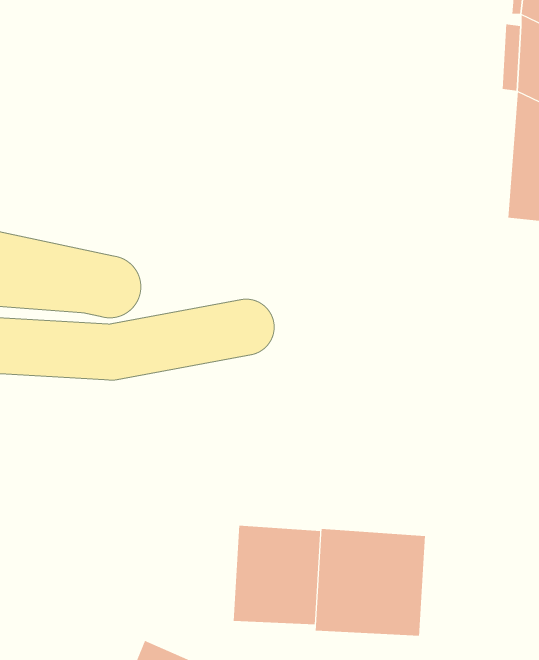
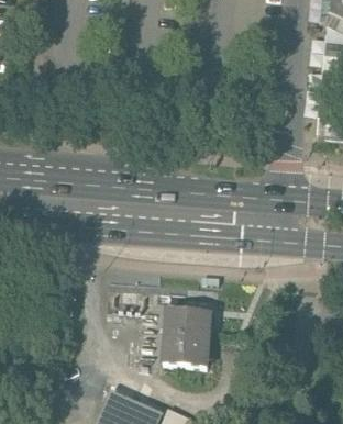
building: [315,528,425,636] -> none

